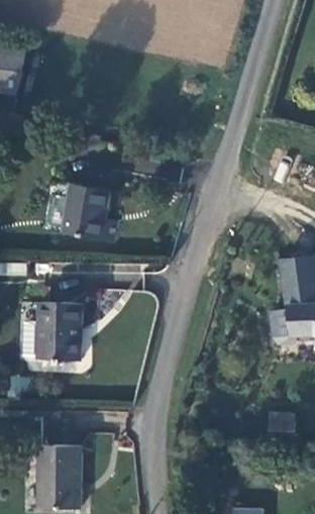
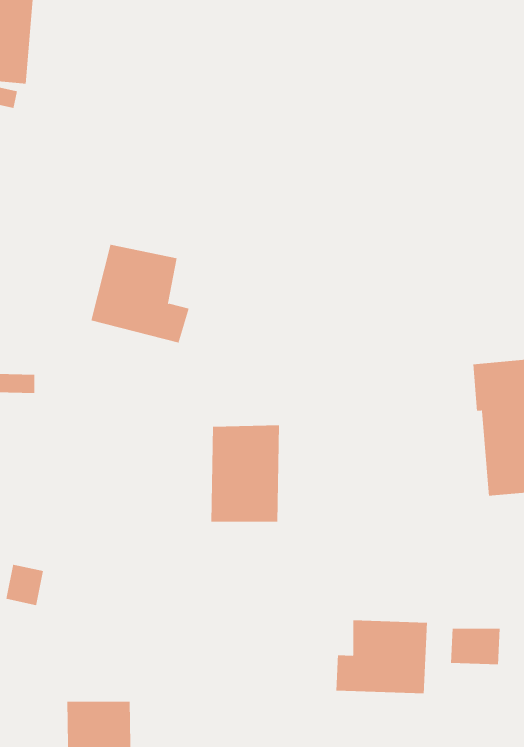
building: [38,306,79,363] -> [210,425,280,522]
building: none -> [336,620,428,694]

